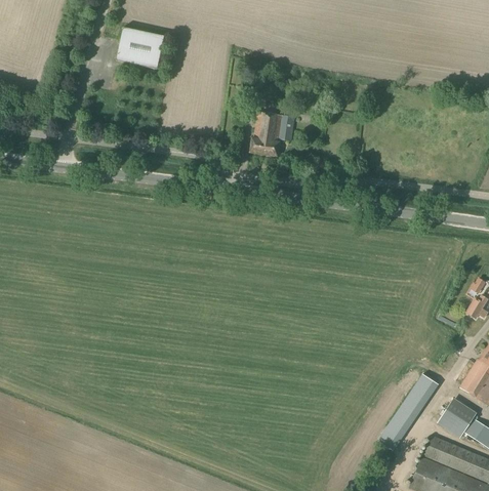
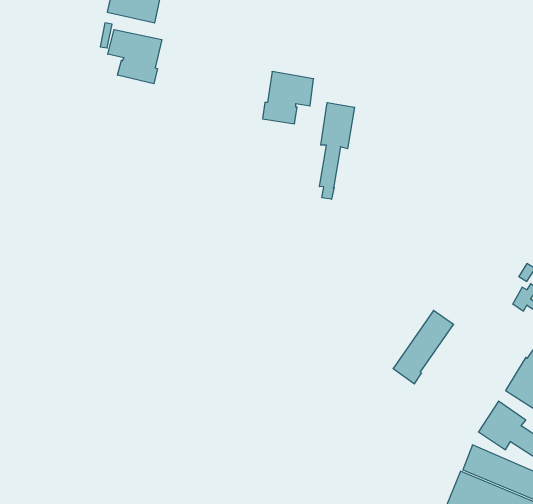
building: none -> [108,30,162,84]
building: none -> [319,103,355,199]
building: [389,372,441,436] -> [393,310,454,384]

